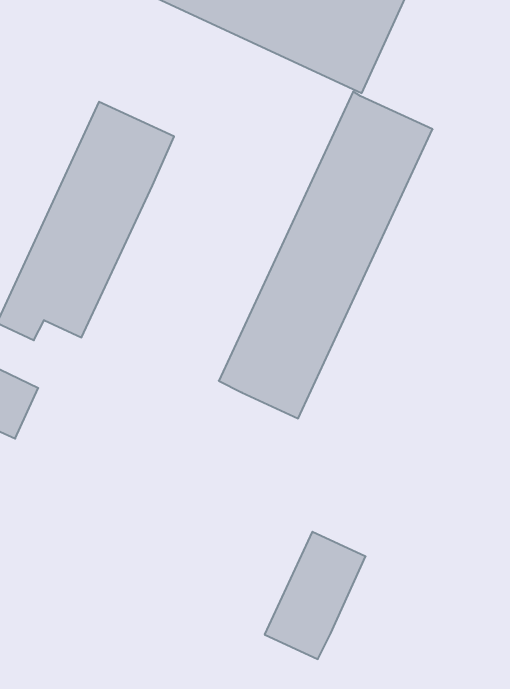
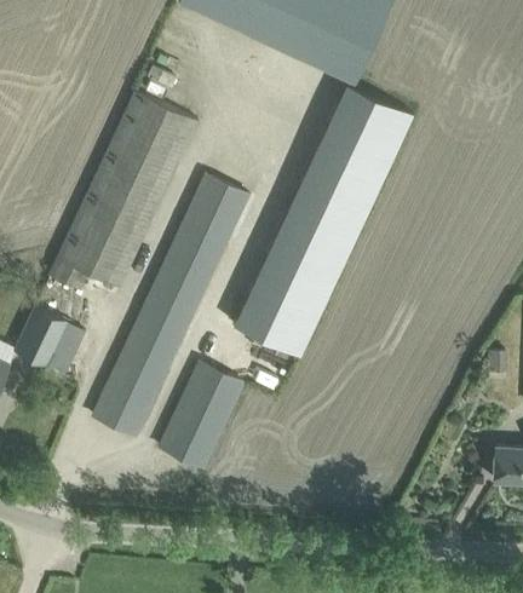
building: none -> [92,175,249,438]
building: [265,532,366,659] -> [159,363,243,470]

